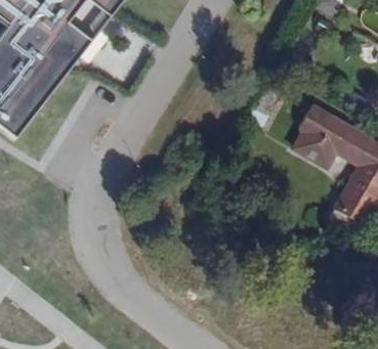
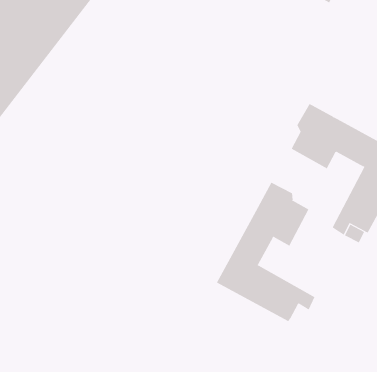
building: none -> [216,182,315,322]

